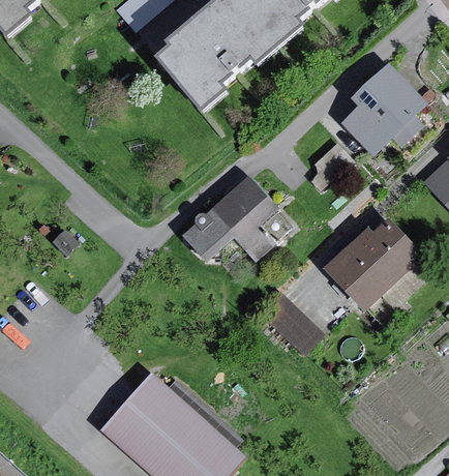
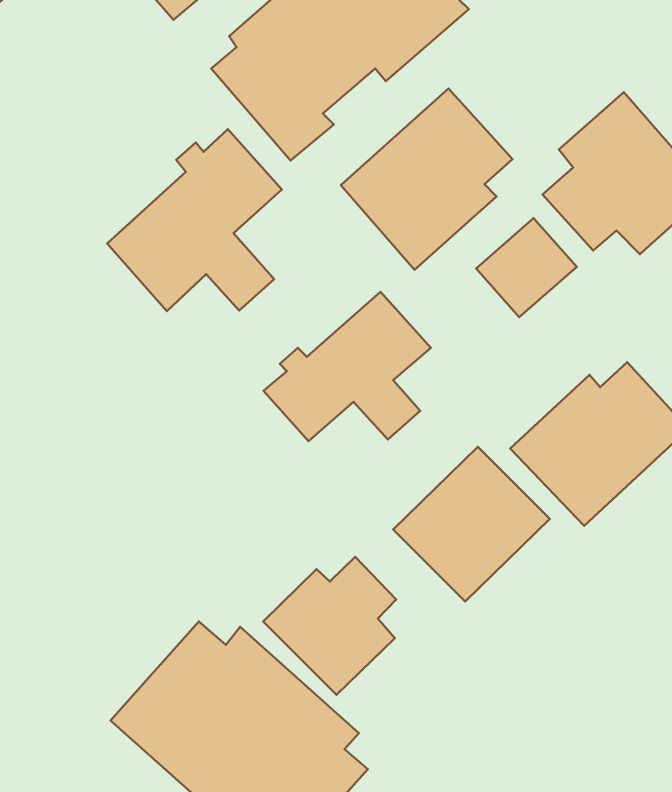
building: none -> [341,89,512,270]
building: none -> [107,129,282,311]
building: none -> [263,557,396,695]

